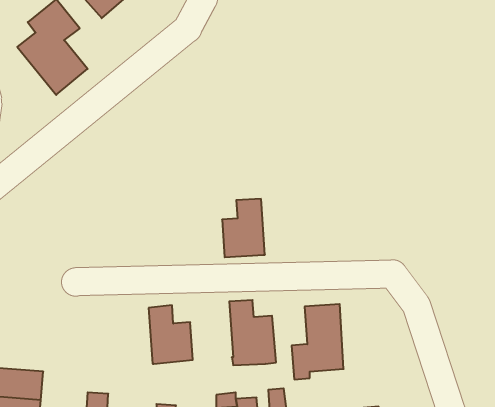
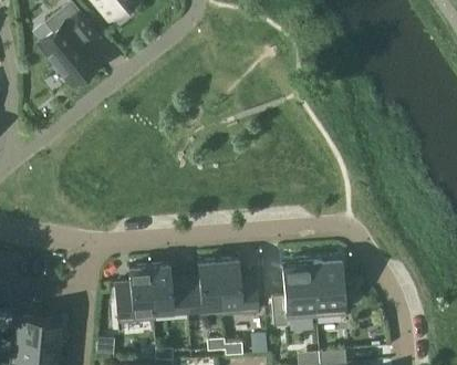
building: [222,199,265,257] -> [185,260,221,310]
building: none -> [312,260,345,317]
building: none -> [114,265,154,322]

